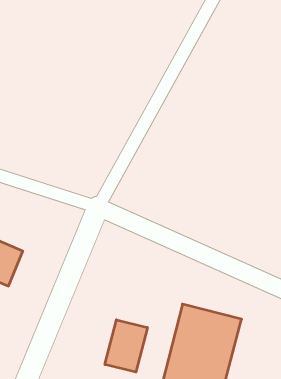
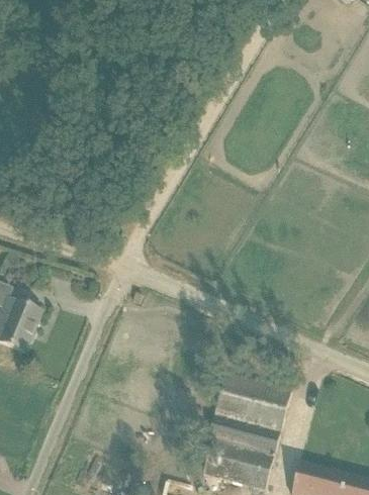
building: [105,320,147,372] -> none

